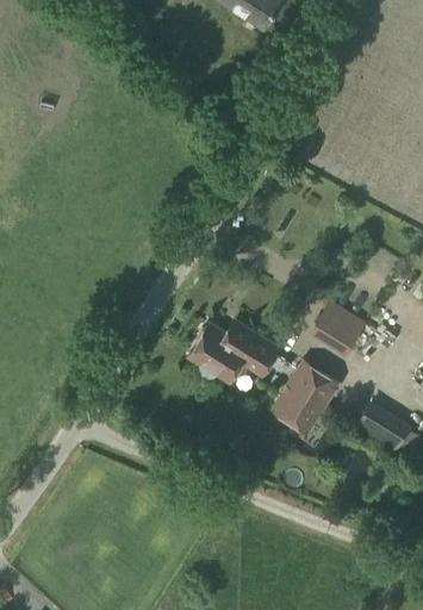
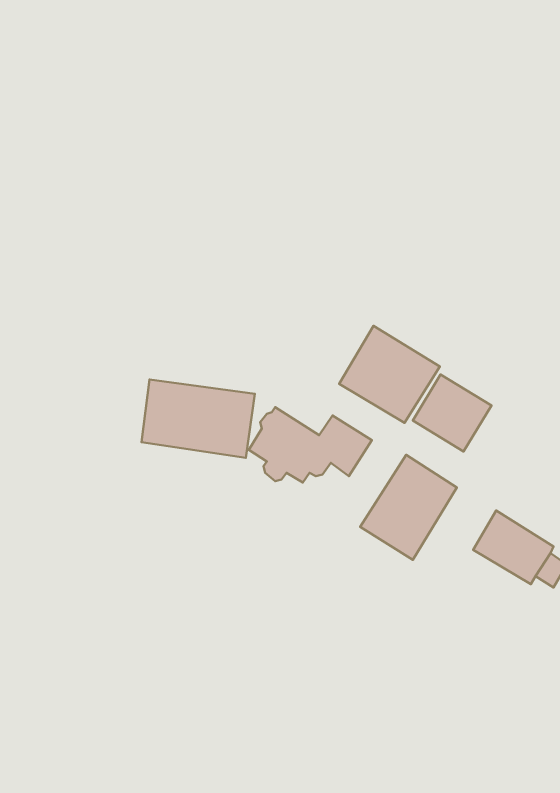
building: none -> [339,326,440,423]
building: none -> [142,379,255,458]

